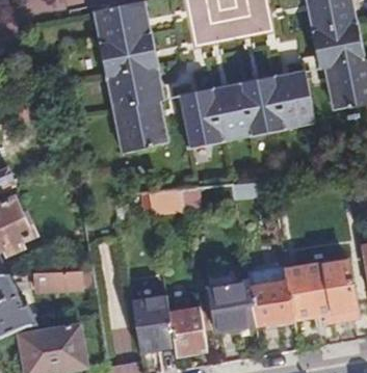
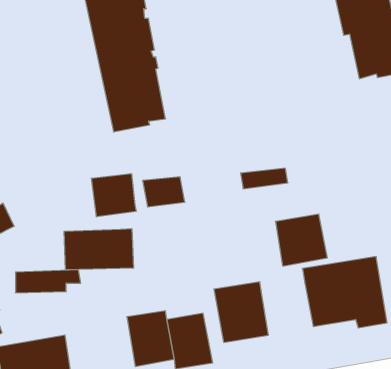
building: [179,68,314,144] -> none
building: none -> [91,174,136,217]
building: none -> [64,229,133,270]
building: [248,282,293,326] -> [275,214,327,266]

